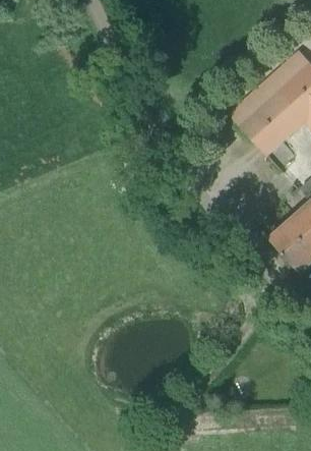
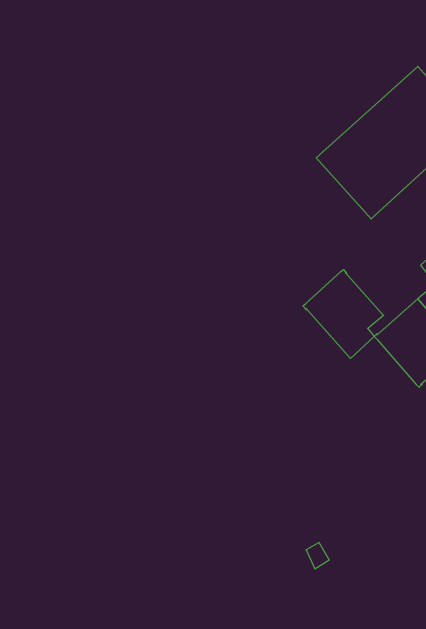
building: none -> [303,270,384,358]

